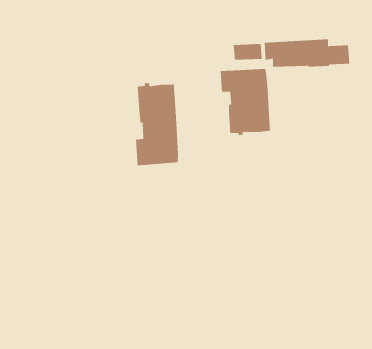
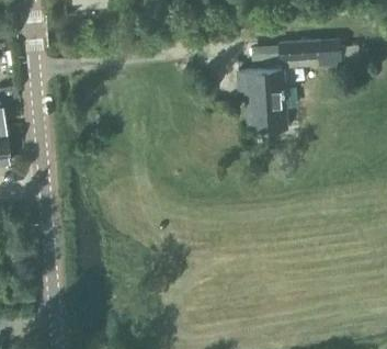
building: [135,82,178,166] -> none

